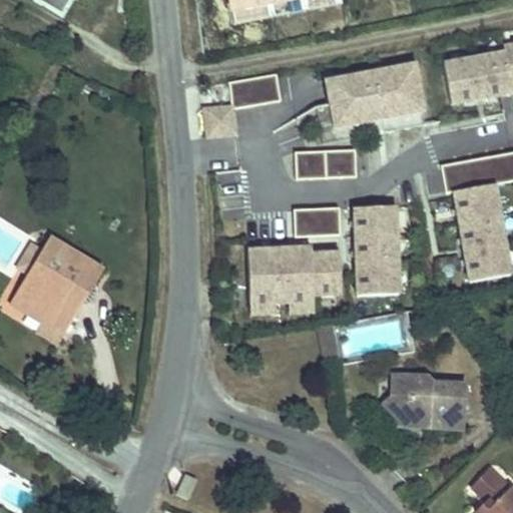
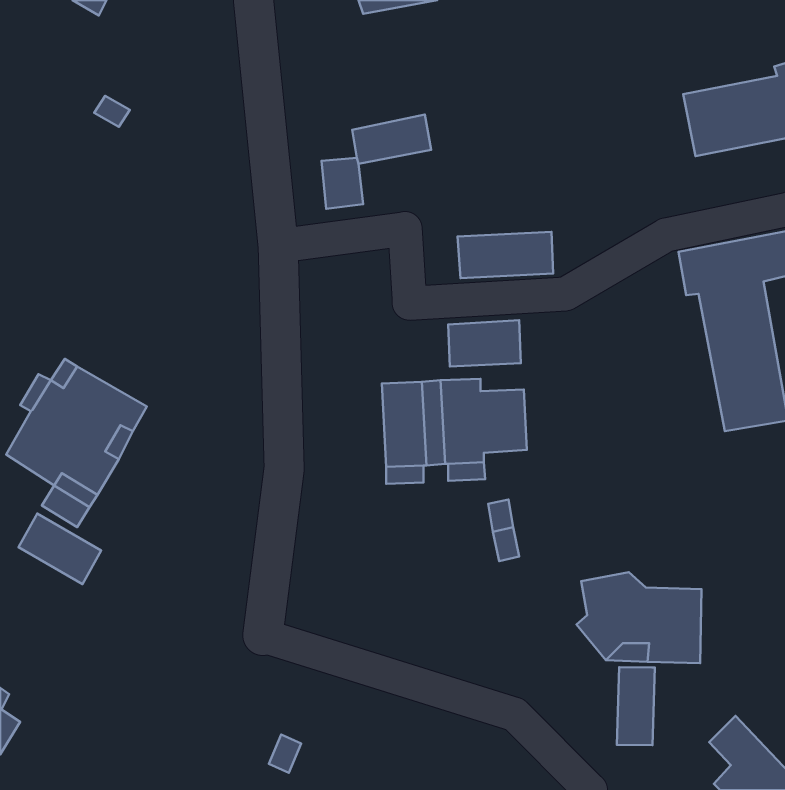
building: [335,62,430,124] -> none
building: [355,205,401,295] -> none
building: none -> [18,513,101,584]
building: none -> [617,667,655,745]

